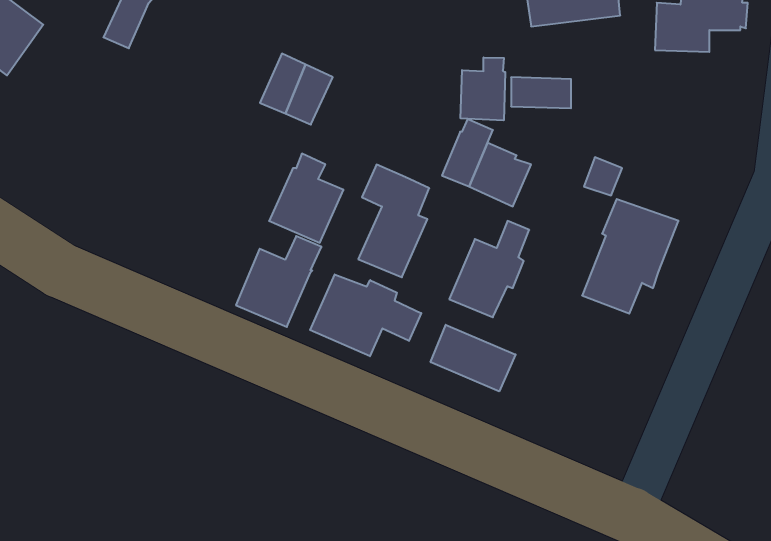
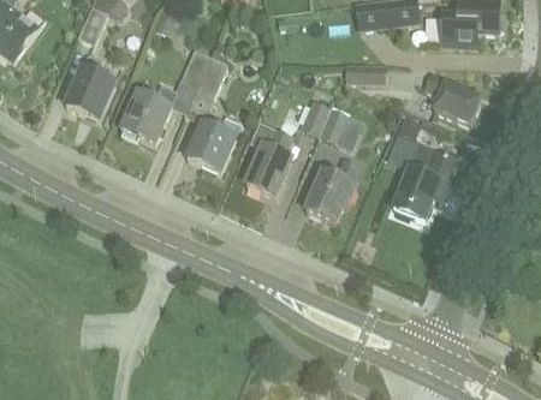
building: [461,57,505,120] -> none
building: none -> [65,54,114,120]
building: none -> [424,72,480,125]
building: [236,236,322,327] -> [120,84,177,144]
building: [310,274,421,356] -> none
building: [431,325,516,391] -> none

